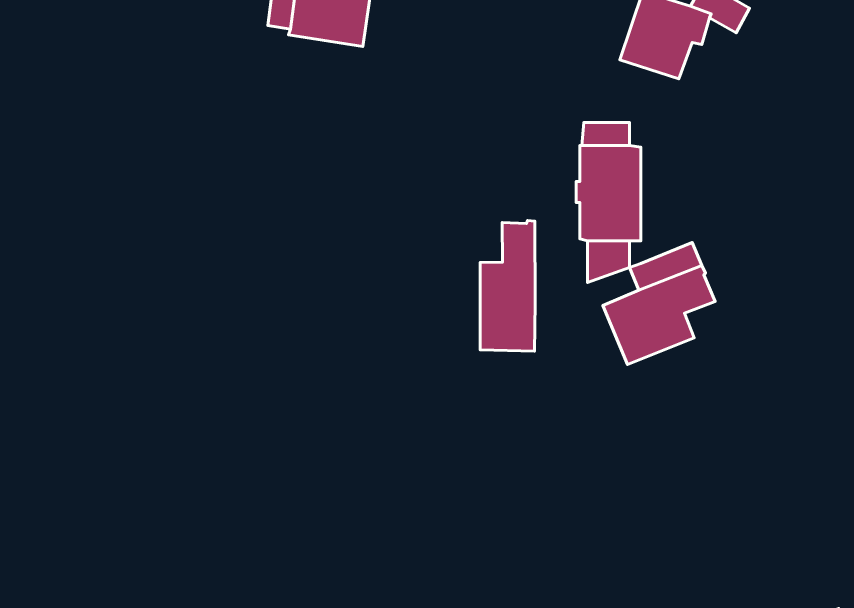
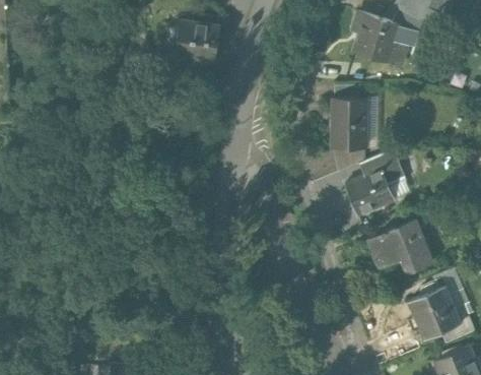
building: [480,220,535,351] -> none
building: none -> [366,223,431,273]
building: none -> [409,286,460,341]

